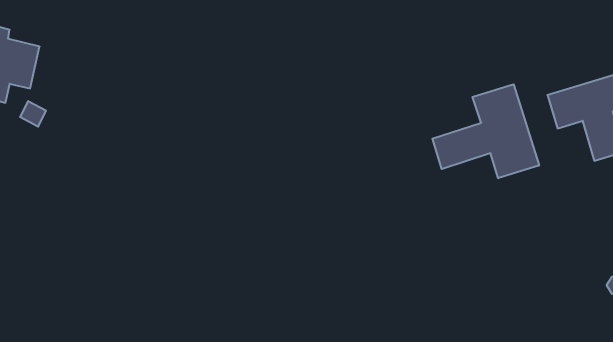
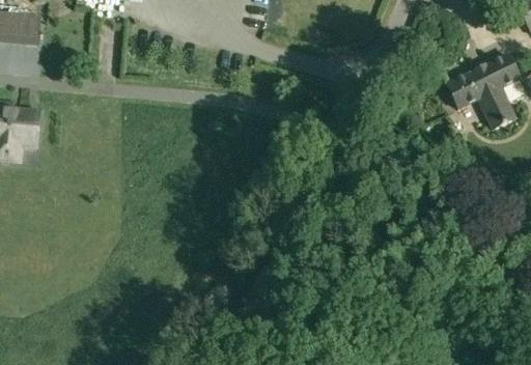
building: [432,84,539,178] -> none

